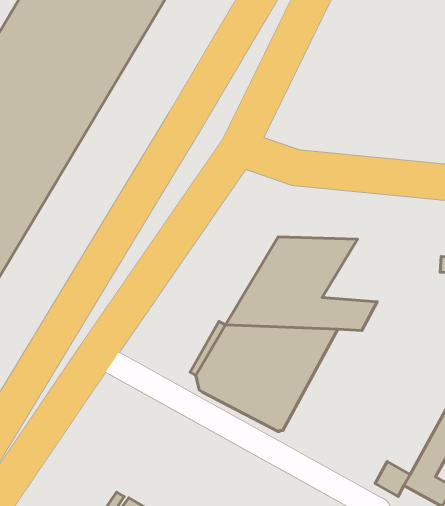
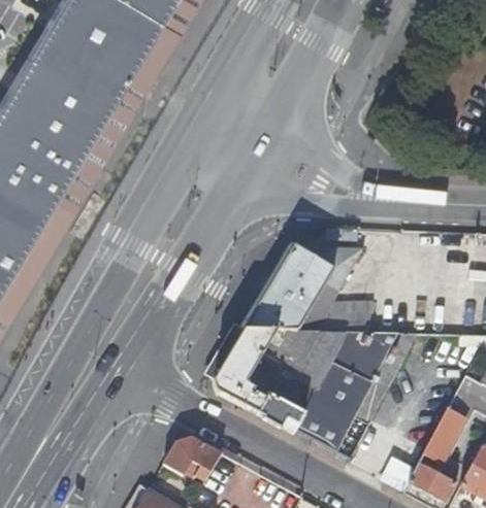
building: none -> [294,332,401,456]
building: none -> [161,436,221,478]

